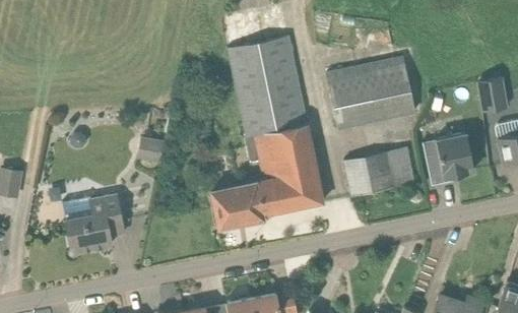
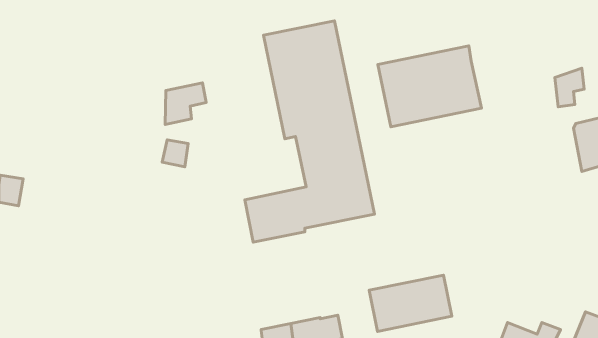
building: none -> [165,83,206,125]
building: [425,134,473,186] -> none
building: [346,145,417,194] -> [369,275,452,332]
building: [62,197,123,253] -> none

